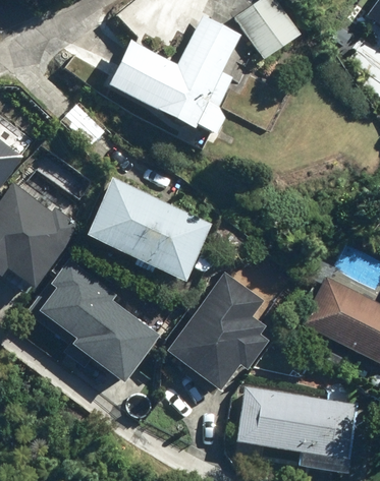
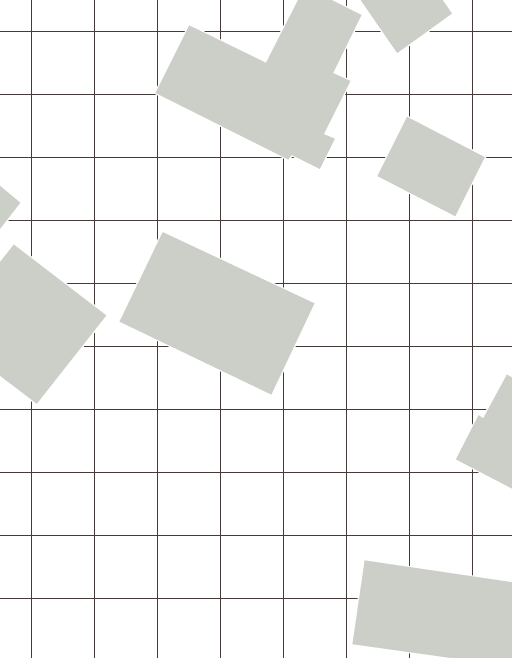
building: none -> [377,116,486,217]
building: [31,255,161,382] -> none
building: [165,265,283,389] -> none

